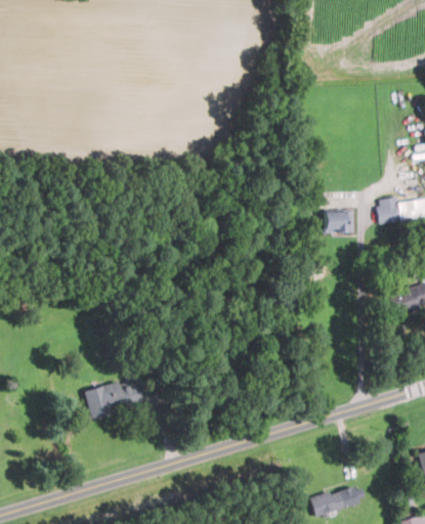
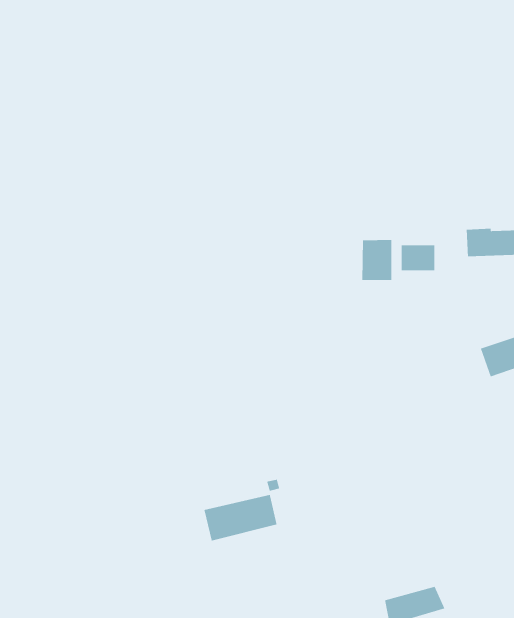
building: none -> [362,239,392,281]
building: [84,367,145,418] -> [203,479,280,541]

